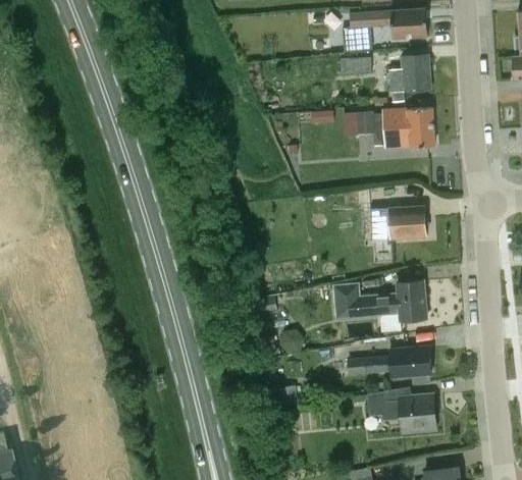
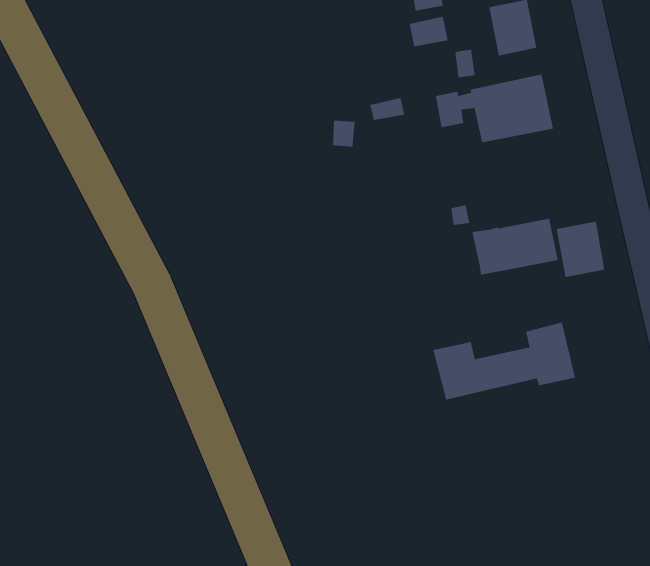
building: none -> [556,221,605,278]
building: [348,346,430,377] -> none
building: [368,392,435,431] -> none

